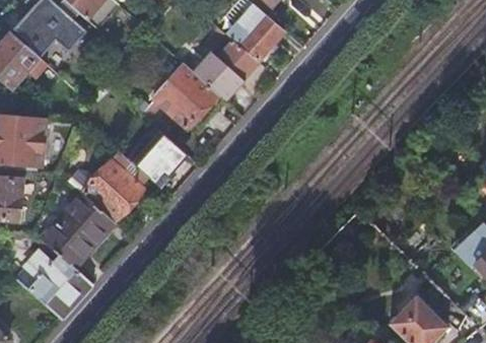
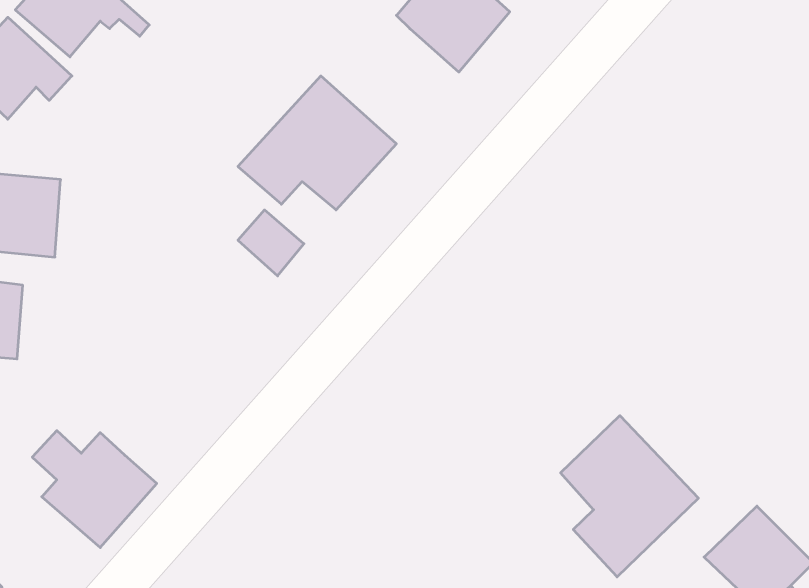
building: [190,39,257,100] -> none
building: [84,161,142,219] -> none
building: [45,196,115,268] -> none
building: none -> [561,416,698,577]

